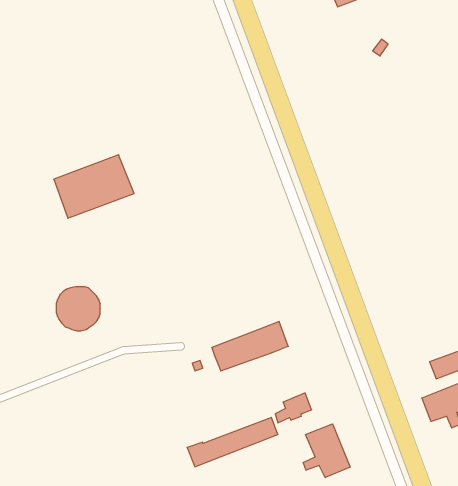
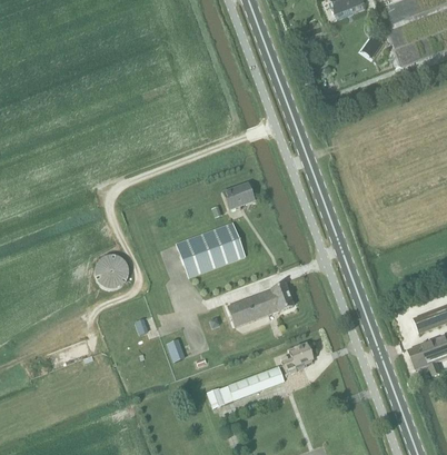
building: [54,155,134,218] -> [176,221,245,276]
building: none -> [222,181,252,208]
building: [303,424,350,478] -> none

